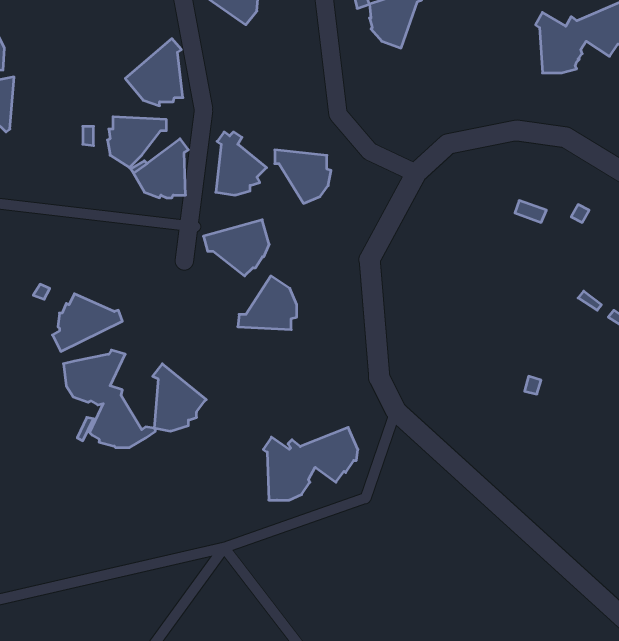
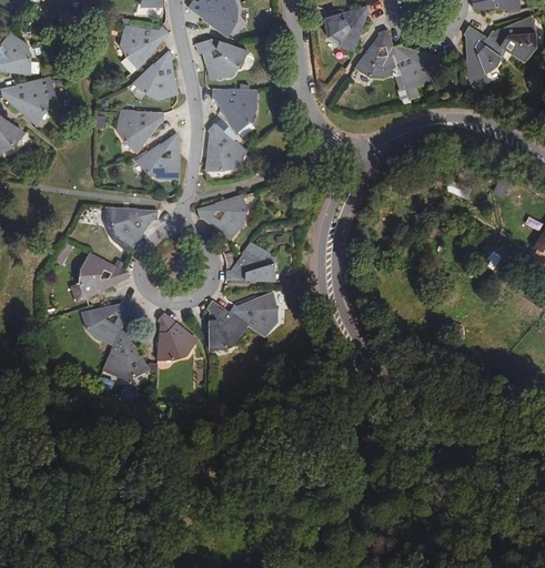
building: none -> [119,26,172,73]
building: none -> [356,29,443,106]
building: none -> [195,38,248,75]
building: [275,150,331,203] -> [211,89,256,132]
building: none -> [110,207,158,245]
building: [263,427,358,500] -> [203,292,280,351]

